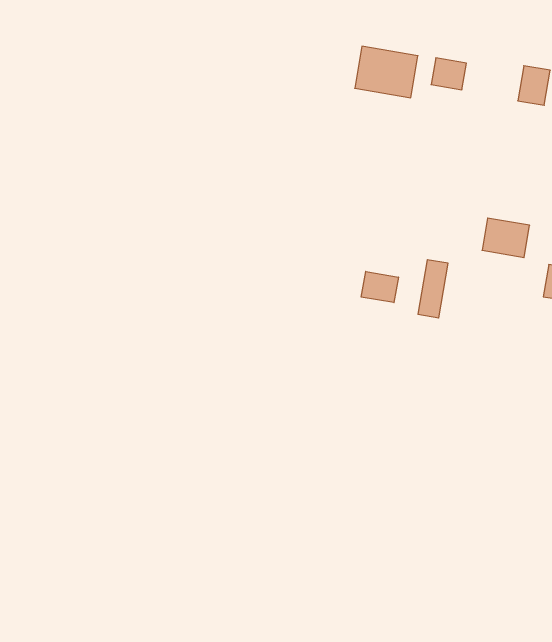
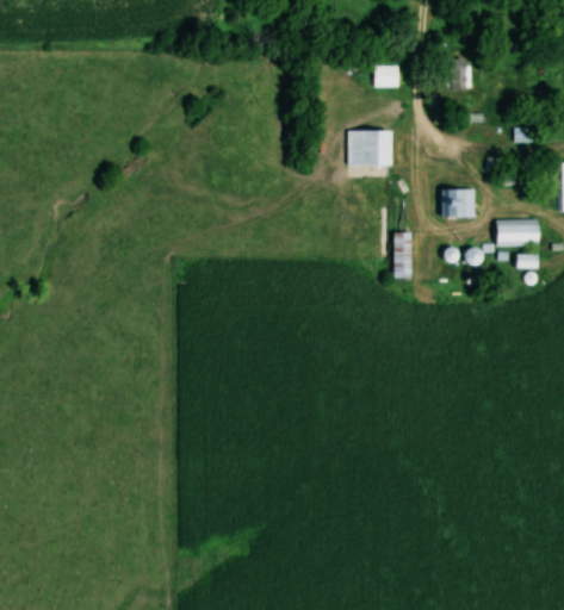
building: [355,46,418,98] -> [346,131,393,167]
building: [361,271,398,303] -> none

